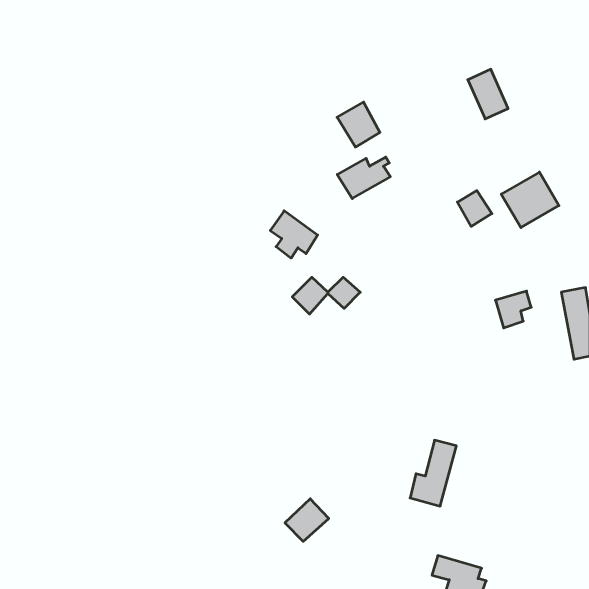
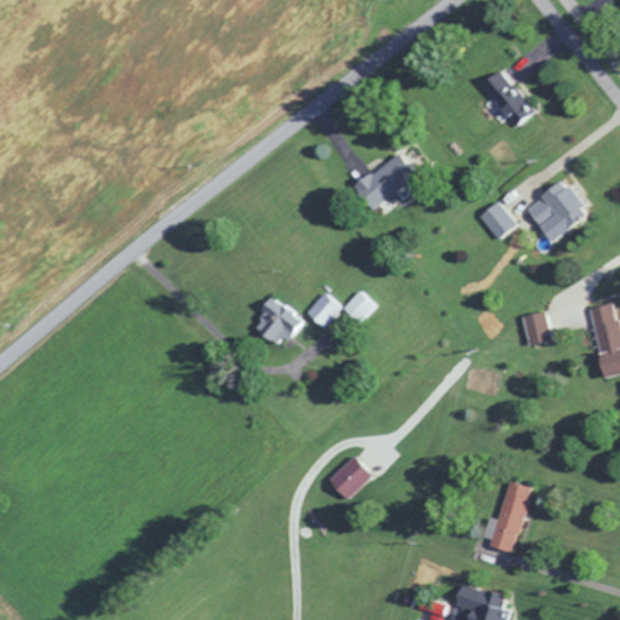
building: [337,102,380,147] -> none
building: [270,211,318,258] -> [257,297,306,346]
building: [410,440,456,506] -> [483,482,532,551]
building: [285,499,329,541] -> [326,455,372,500]

